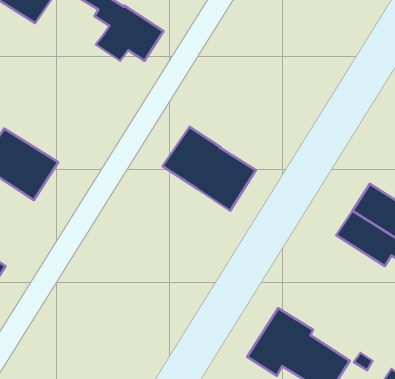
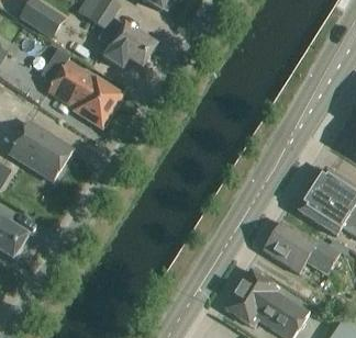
building: [163,127,256,211] -> [45,58,121,126]
building: none -> [262,219,340,272]

